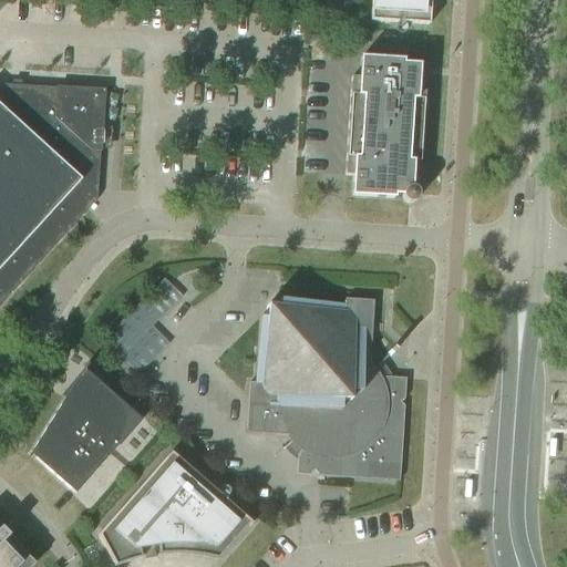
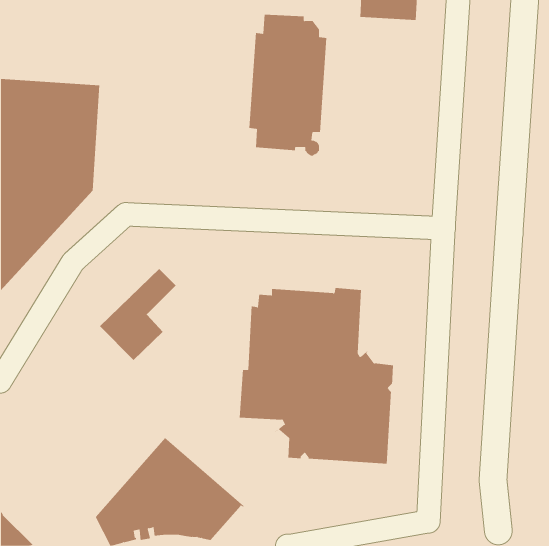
building: [346,54,426,200] -> [249,14,327,156]
building: [31,368,141,491] -> none

